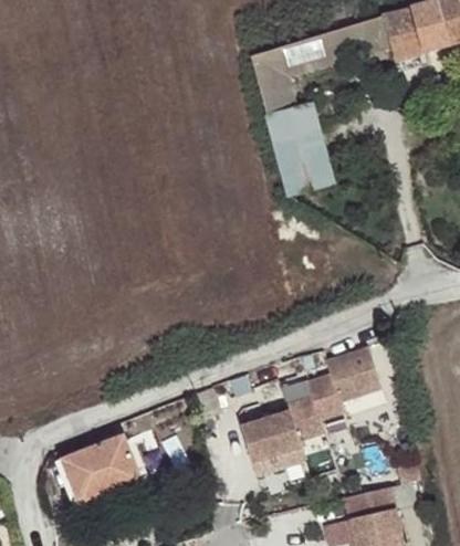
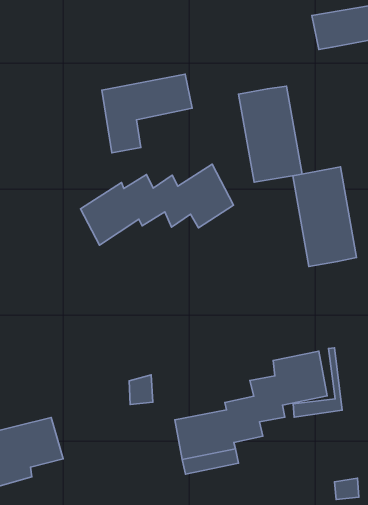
building: [251,32,337,113] -> [102,74,192,153]
building: none -> [293,167,356,267]
building: none -> [81,164,234,245]

